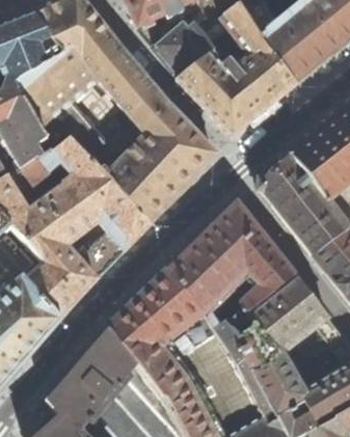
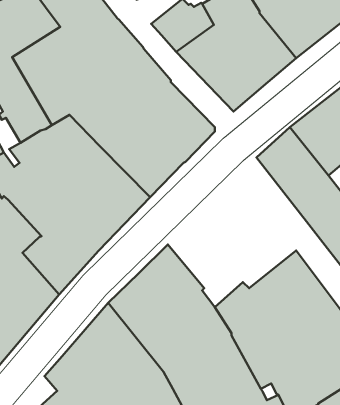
building: [168,202,296,311] -> none

